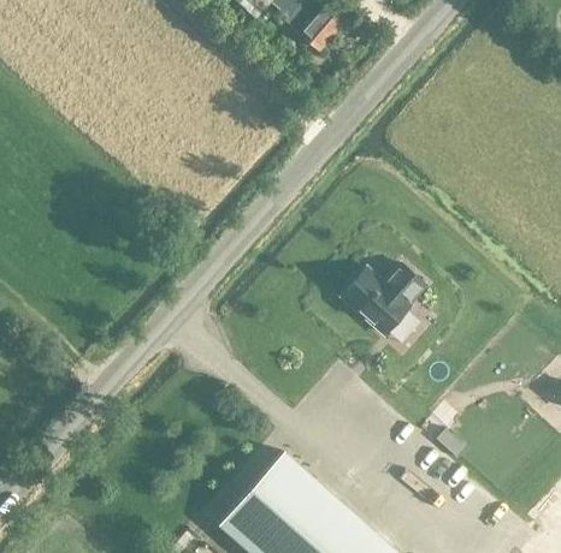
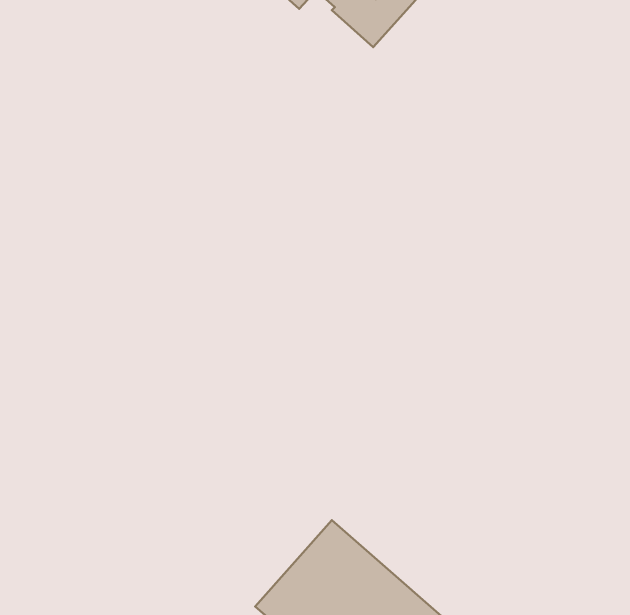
building: [342,264,425,335] -> none

